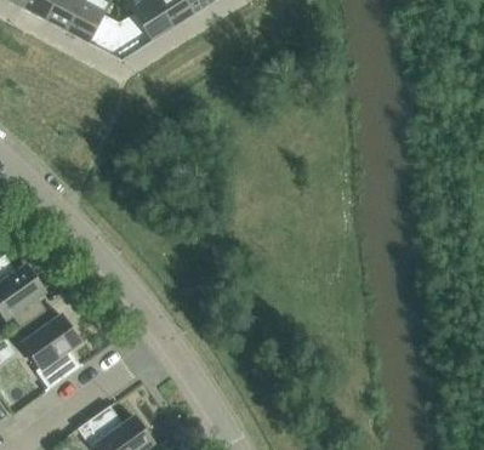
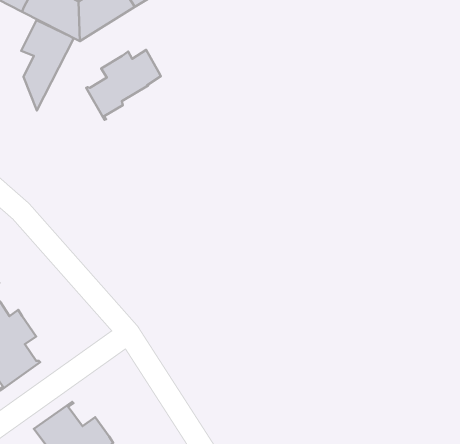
building: none -> [21,20,73,111]
building: none -> [86,50,161,120]

